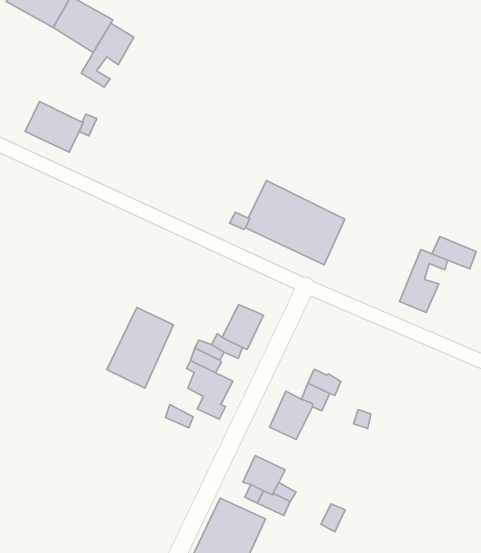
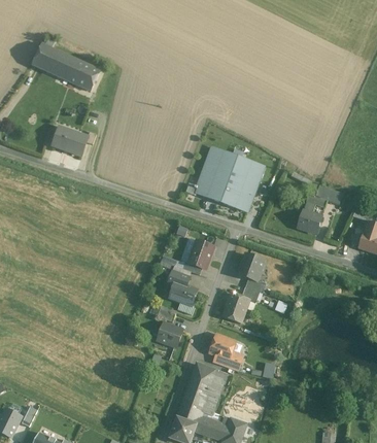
building: [81,23,134,87] -> none
building: none -> [206,146,264,180]
building: [107,308,174,388] -> none
building: none -> [238,252,264,279]
building: none -> [157,321,182,346]

